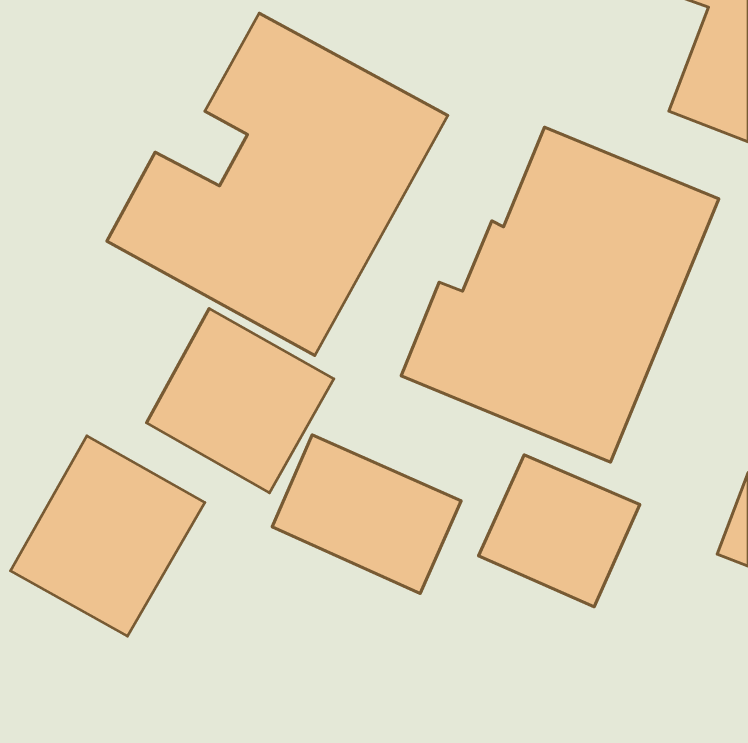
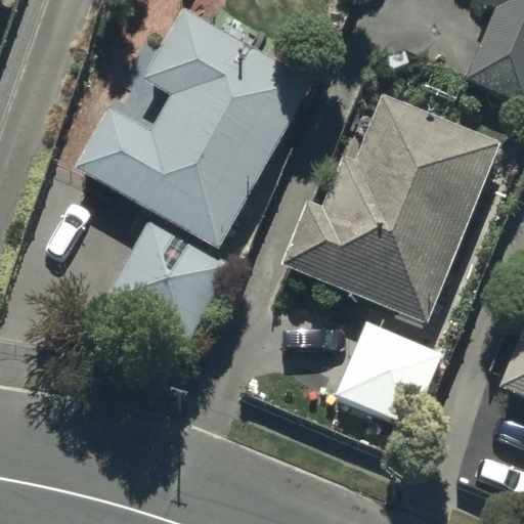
building: [272,435,461,593] -> none
building: [10,436,205,636] -> none

